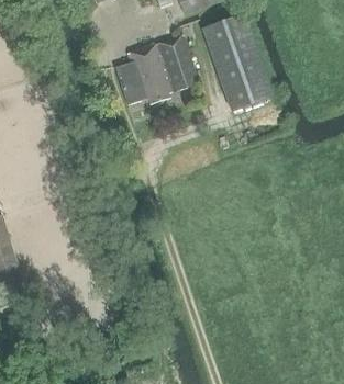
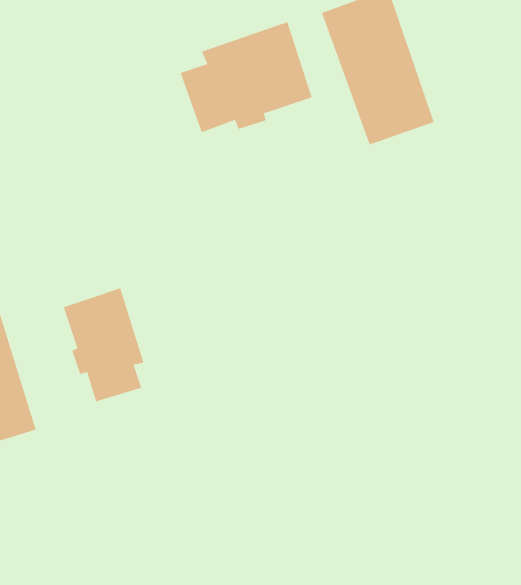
building: none -> [63,288,144,402]

